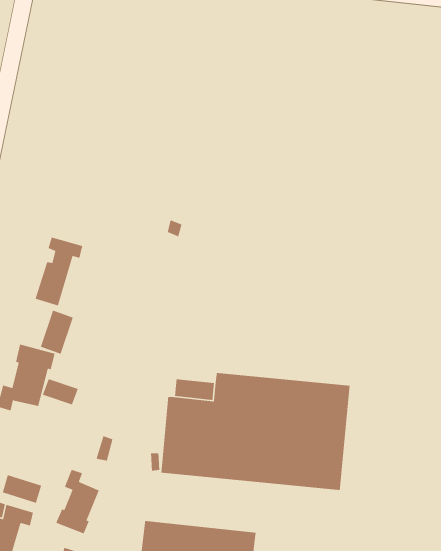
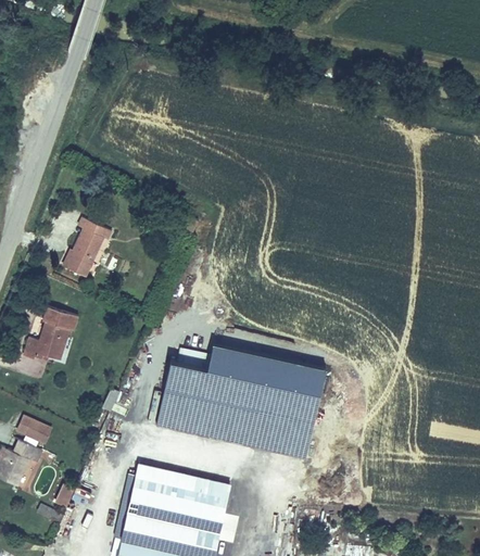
building: [40,310,74,355] -> none
building: [42,378,79,406] -> none
building: [55,469,100,535] -> none

